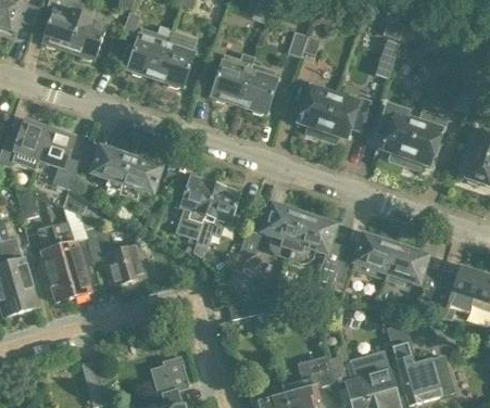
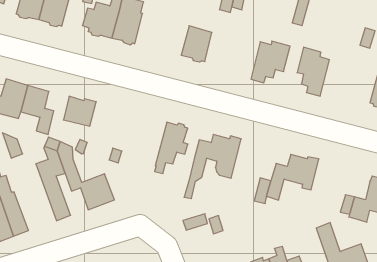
building: [210,52,253,104] -> none
building: [297,81,334,139] -> none
building: [402,110,445,171] -> none
building: [117,154,161,200] -> none
building: [174,176,214,237] -> none
building: [288,211,335,262] -> none
building: [37,225,73,301] -> none
building: [384,241,427,284] -> none

